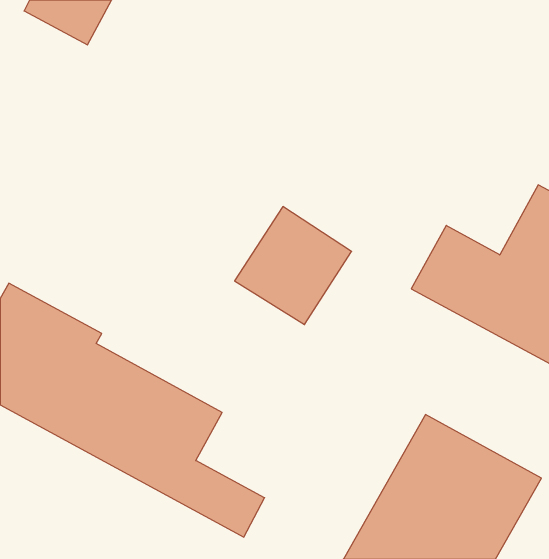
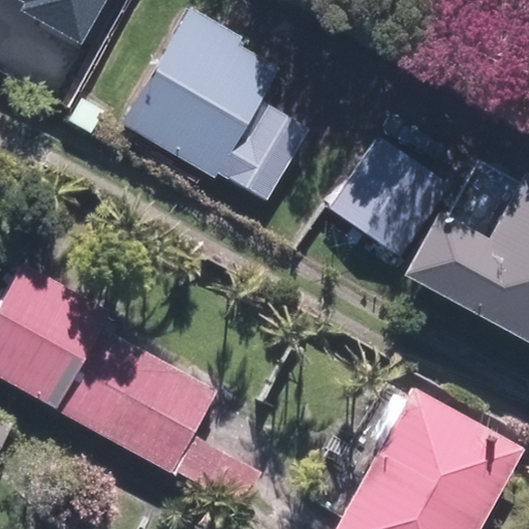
building: none -> [123,7,304,200]
building: [235,207,352,325] -> [333,137,443,249]

